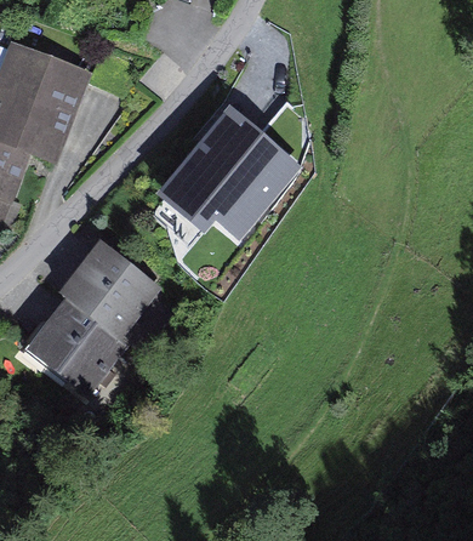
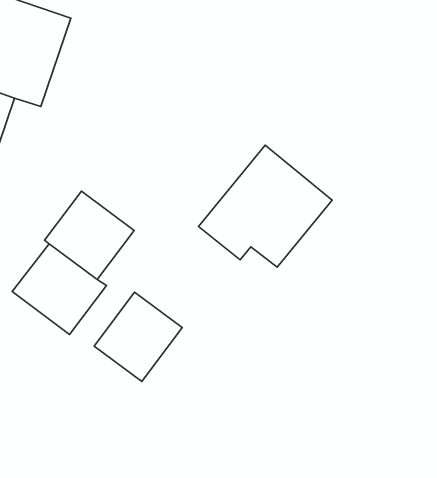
building: [160,112,296,235] -> [198,145,332,267]
building: none -> [94,292,182,382]

